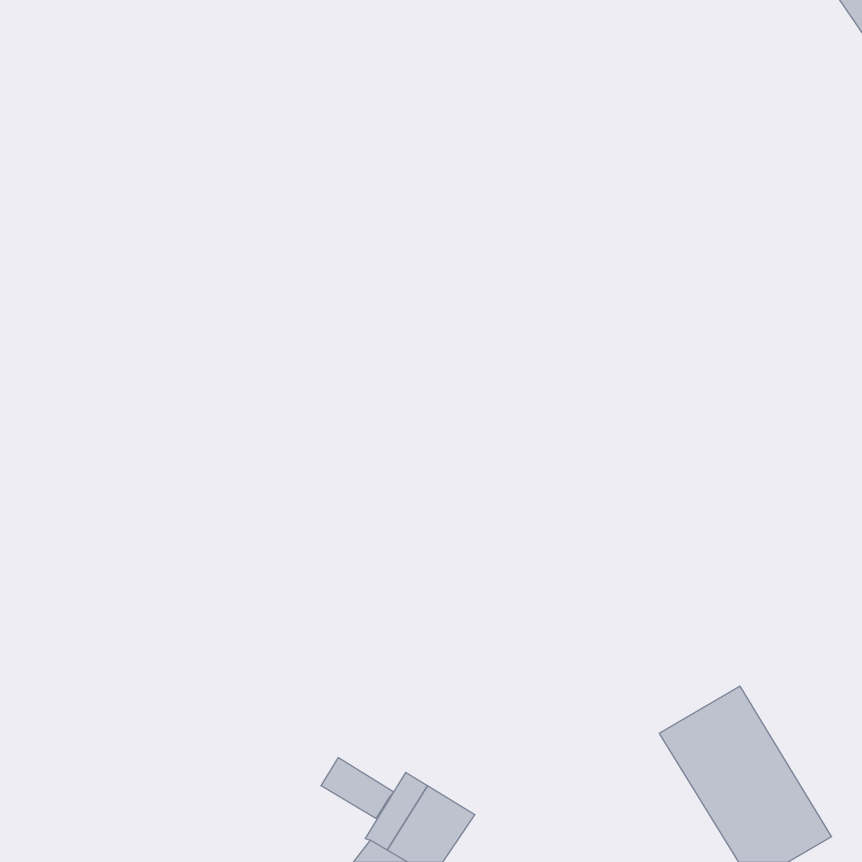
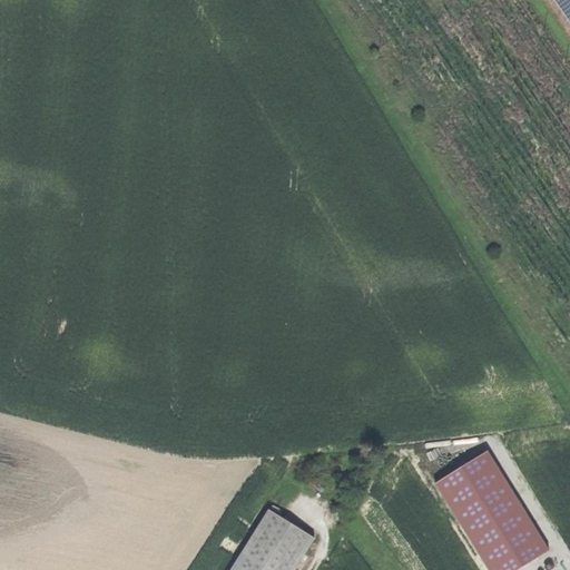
building: [321,758,394,818] -> none

